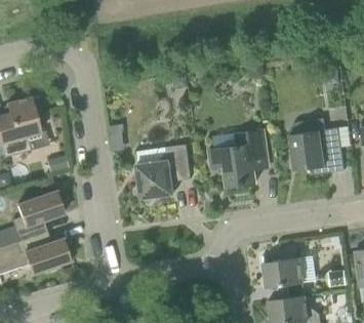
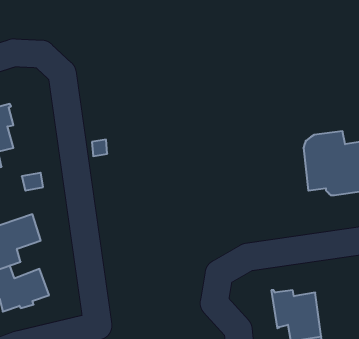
building: [210,130,269,188] -> none
building: [134,145,192,205] -> none

